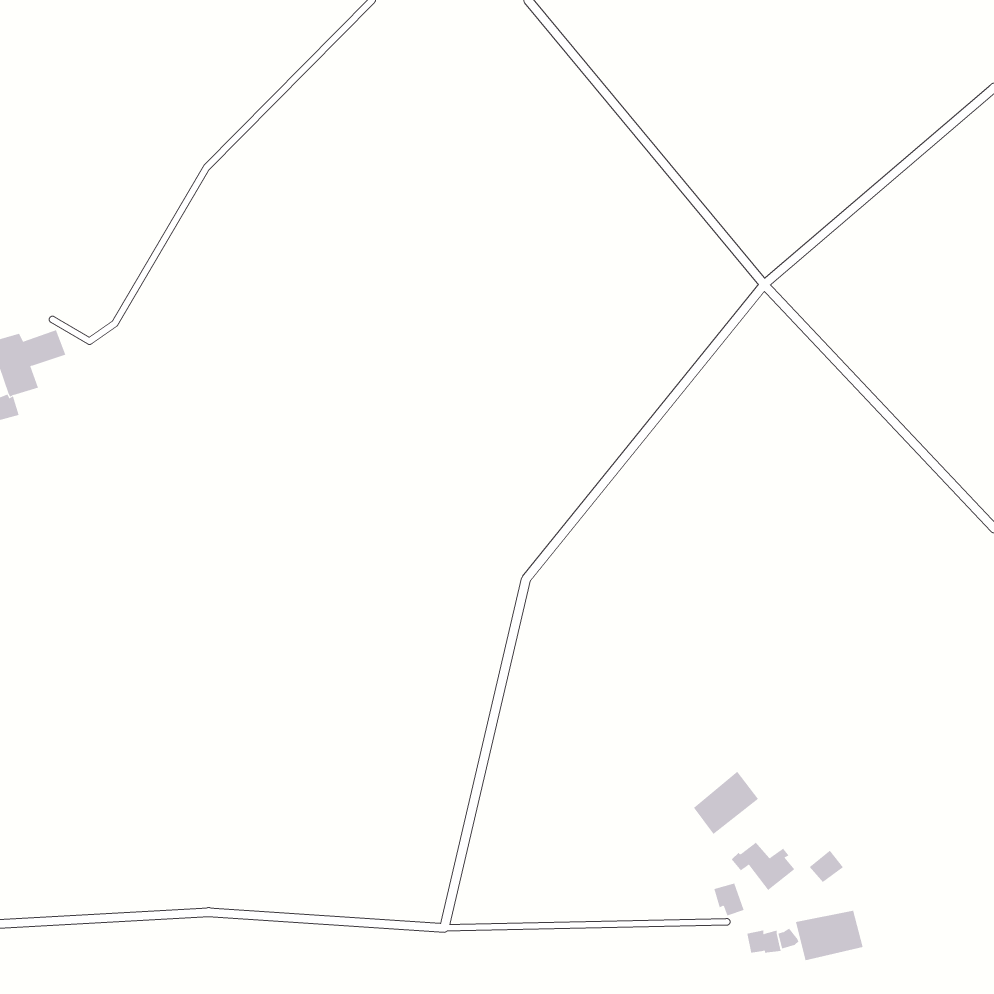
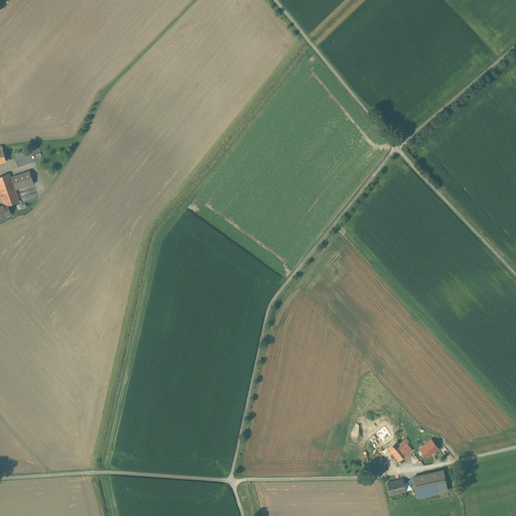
building: [693,771,759,835] -> none

